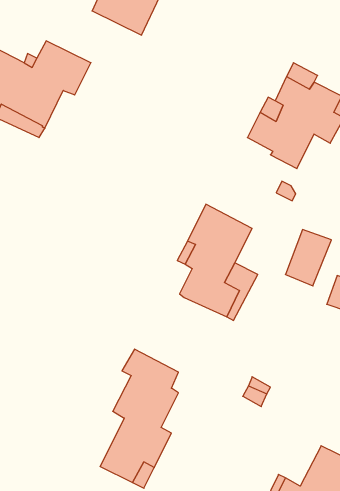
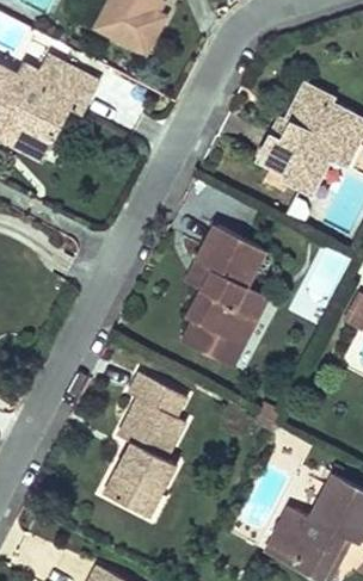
building: none -> [182,320,236,363]

